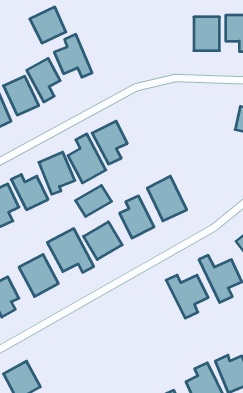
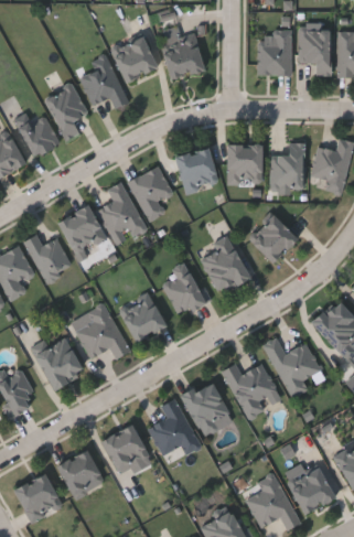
building: [30,7,66,43] -> [110,35,157,82]
building: none -> [161,29,203,78]
building: none -> [227,143,261,184]
building: none -> [270,143,304,193]
building: none -> [175,148,218,193]
building: none -> [249,215,297,262]
building: [75,185,112,217] -> none
building: none -> [181,379,229,437]
building: none -> [148,398,201,455]
building: none -> [101,425,149,473]
building: none -> [57,449,104,497]

